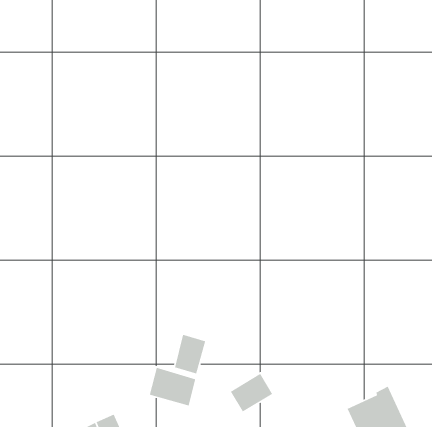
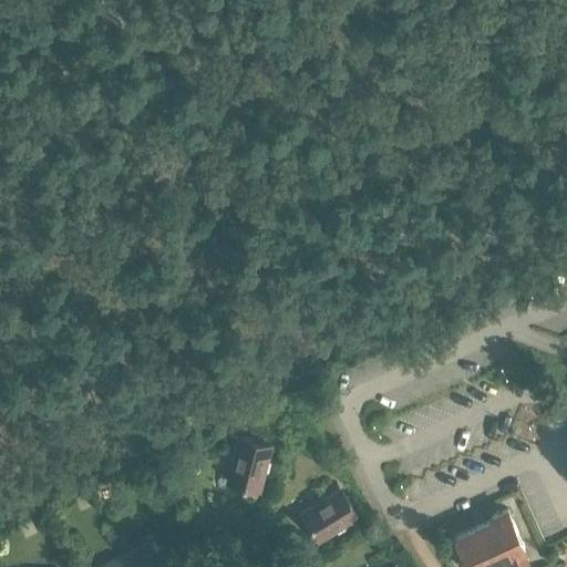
building: [149,367,196,406] -> none

